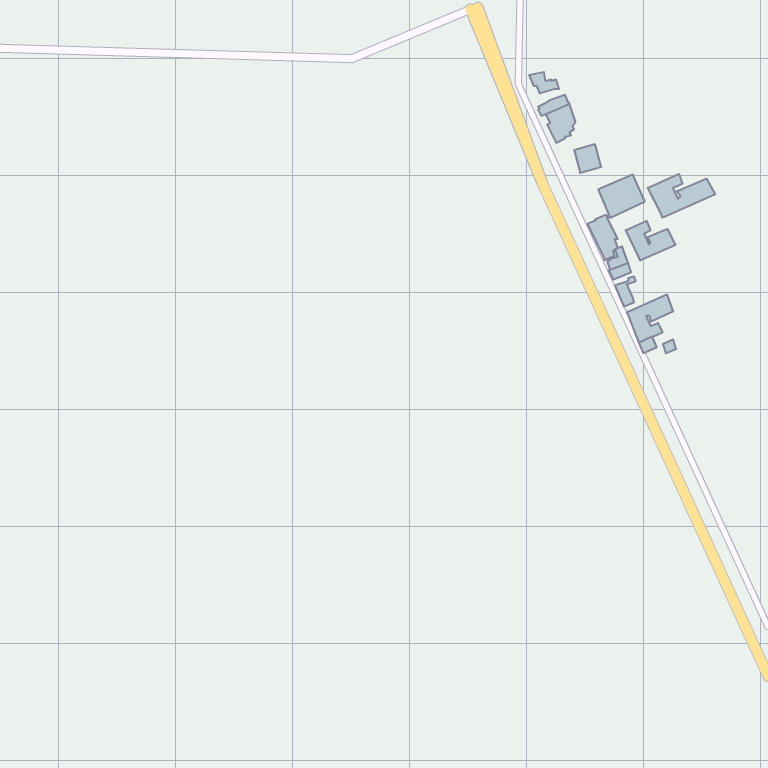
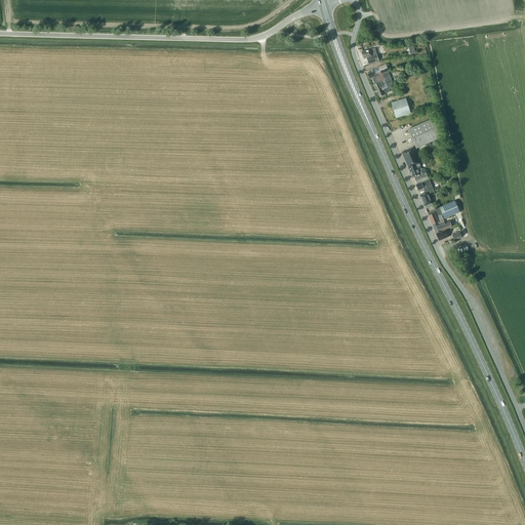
building: [648,174,715,218] -> none
building: [626,221,675,261] -> none

